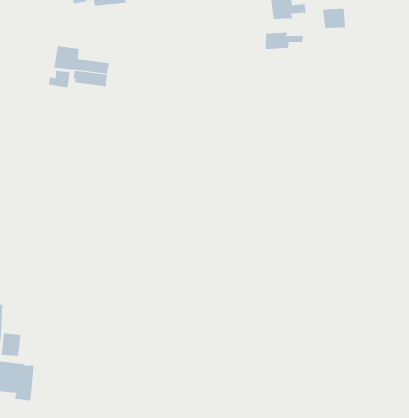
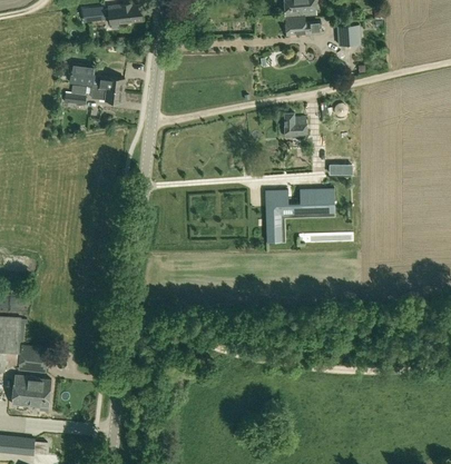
building: [265,32,303,50] -> none
building: none -> [284,112,306,137]
building: none -> [264,189,330,241]

